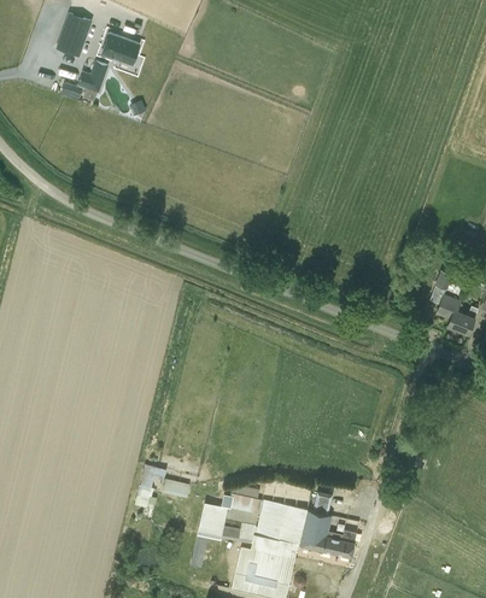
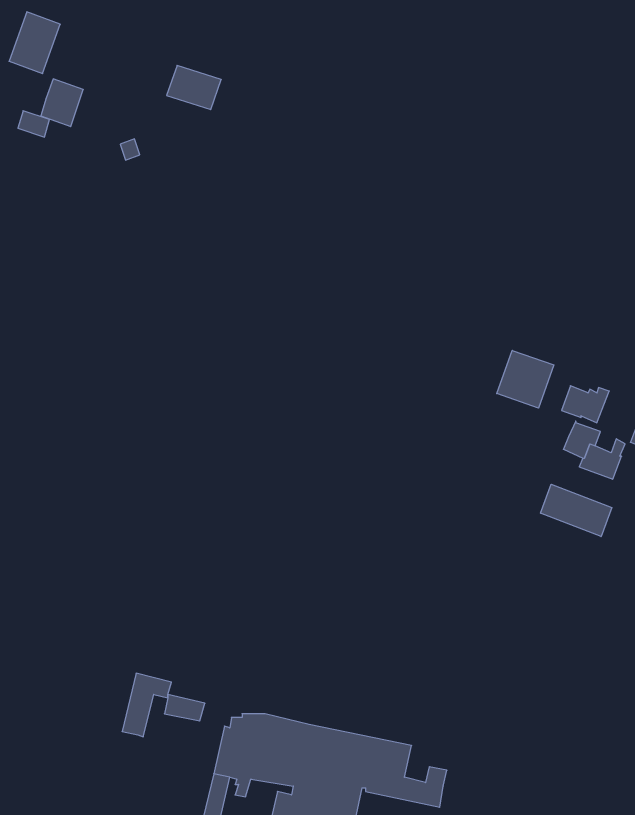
building: [101,34,139,64] -> [167,65,221,110]
building: none -> [497,350,554,408]
building: none -> [541,484,612,537]

